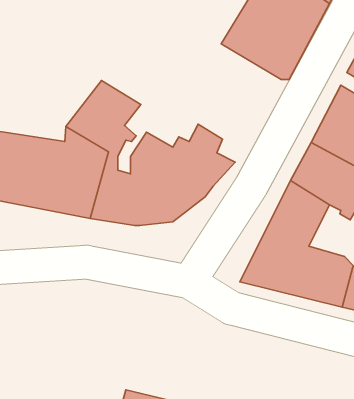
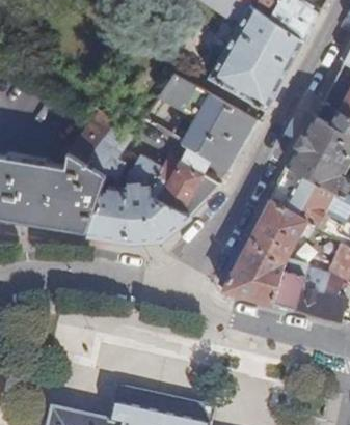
building: none -> [161,74,259,171]

